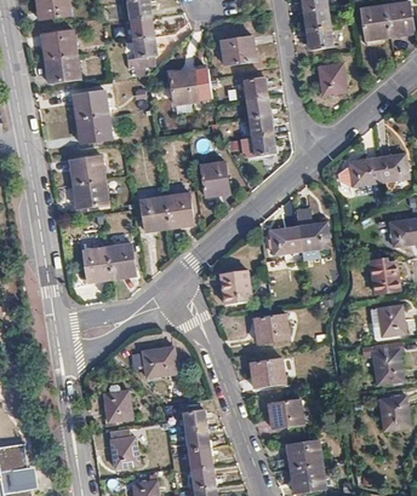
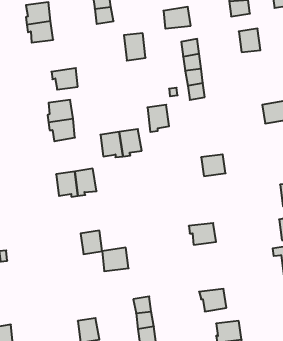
building: [75,90,108,119] -> none
building: [295,208,329,249] -> none
building: [219,269,250,304] -> none
building: [250,357,284,386] -> none
building: [103,390,131,420] -> [81,231,102,254]

